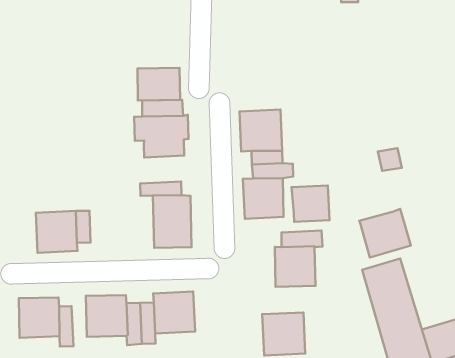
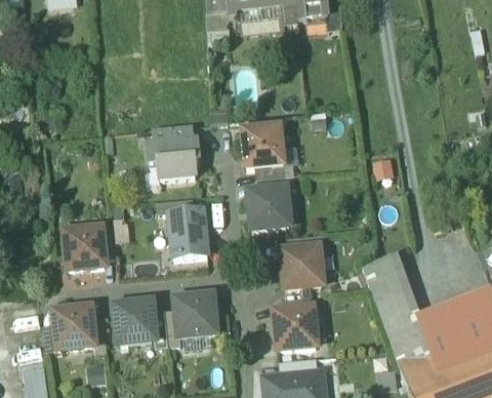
building: [137,68,180,100] -> none
building: [292,185,330,222] -> none
building: [359,209,411,257] -> none

